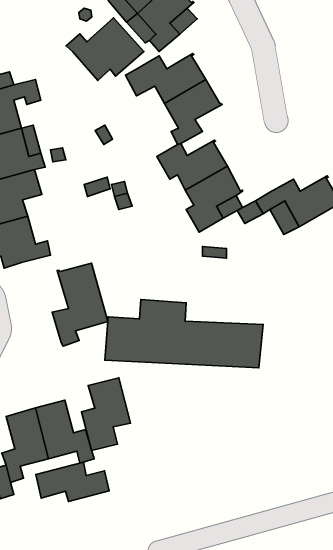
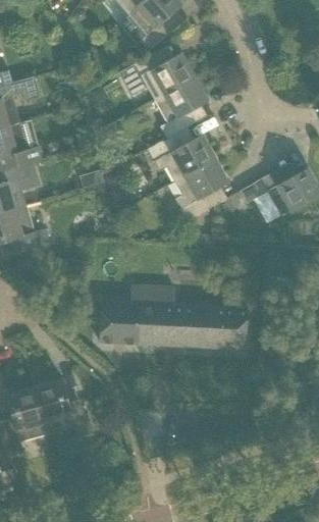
building: [66,18,144,80] -> none
building: [52,263,108,346] -> none
building: [82,378,130,450] -> none
building: [36,462,109,501] -> none

